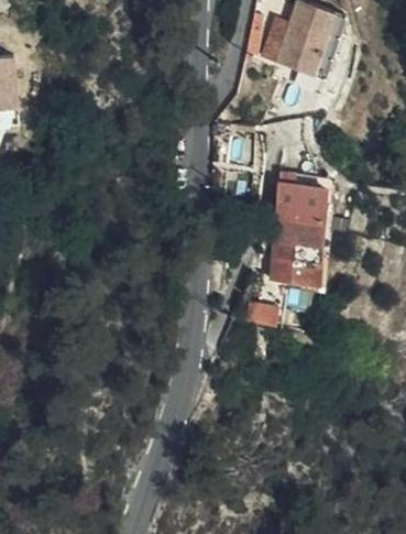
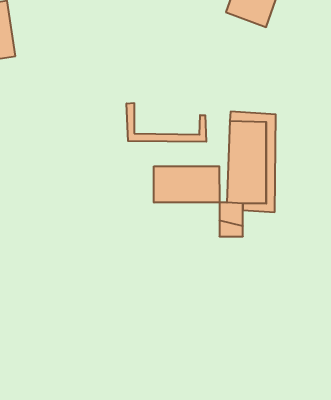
building: none -> [127,103,206,142]
building: none -> [154,166,219,203]

